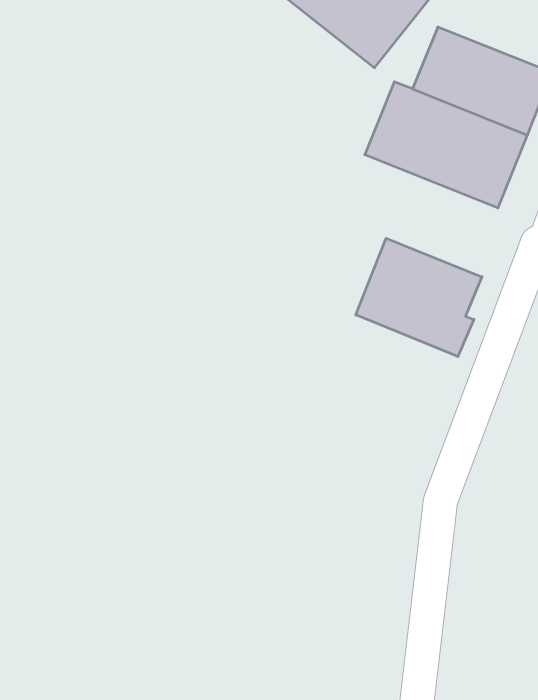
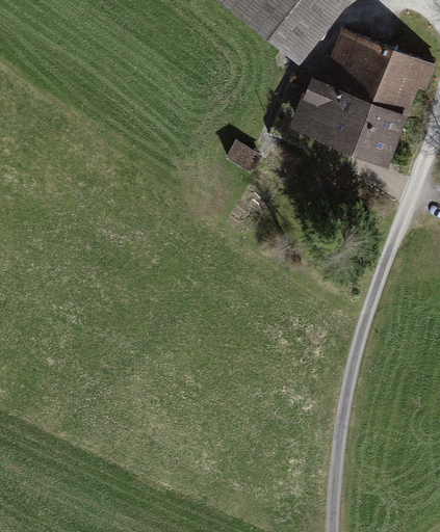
building: [356,238,482,357] -> none

